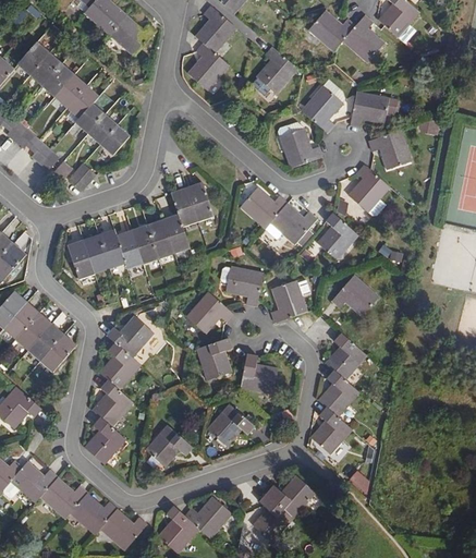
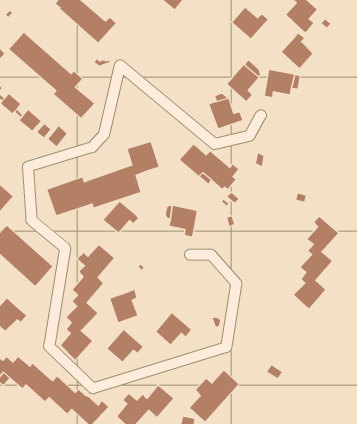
building: [184,5,234,89] -> none
building: [340,15,381,62] -> [281,32,313,69]
building: [253,46,296,95] -> none
building: [366,129,408,169] -> none
building: [347,165,390,215] -> none
building: [317,211,359,258] -> none
building: [331,275,379,316] -> none
building: [269,280,305,323] -> none
building: [185,292,232,333] -> [103,201,139,233]
building: [307,335,366,454] -> [293,216,339,309]
building: [195,338,232,381] -> [109,289,138,323]
building: [240,354,278,395] -> none

